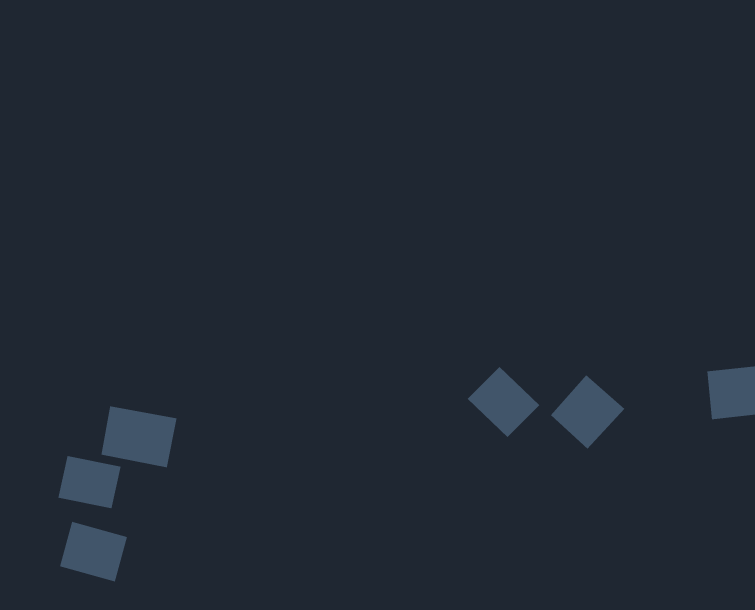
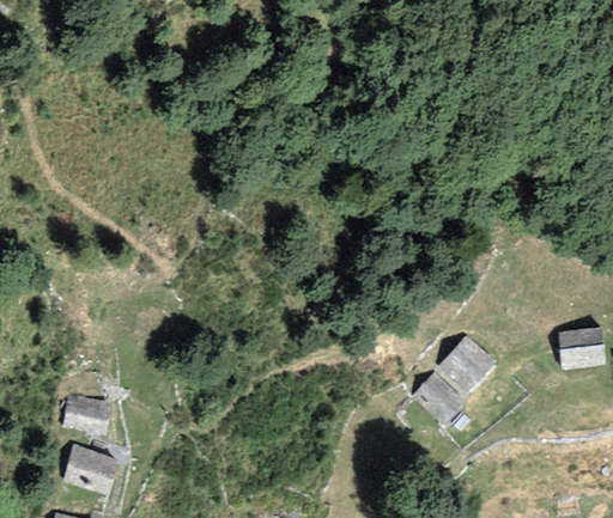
building: [467,366,540,438] -> [409,368,466,423]
building: [101,406,177,468] -> none

